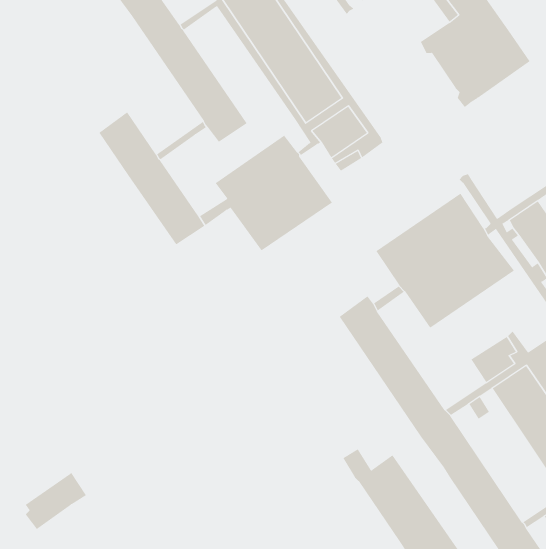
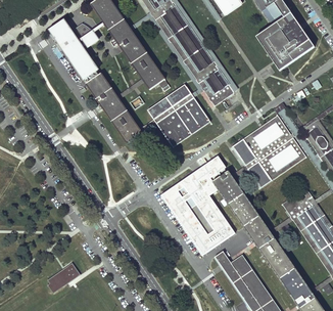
building: none -> [51,21,98,78]
building: none -> [161,157,235,256]

